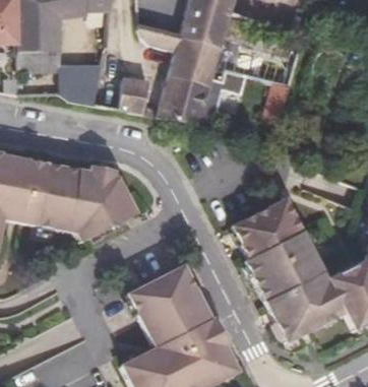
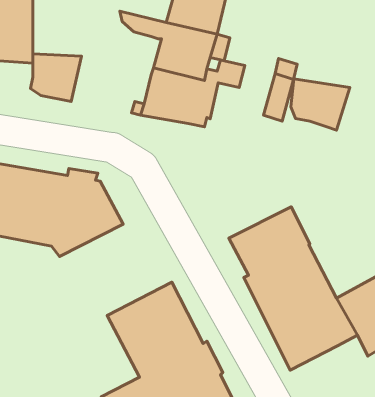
building: [118,76,149,115] -> none
building: none -> [291,79,350,130]

